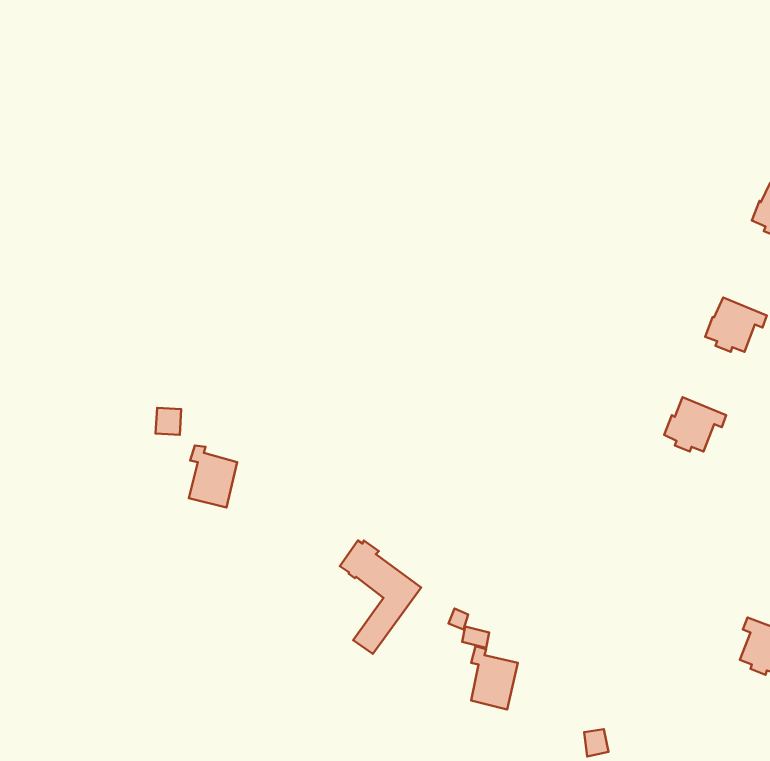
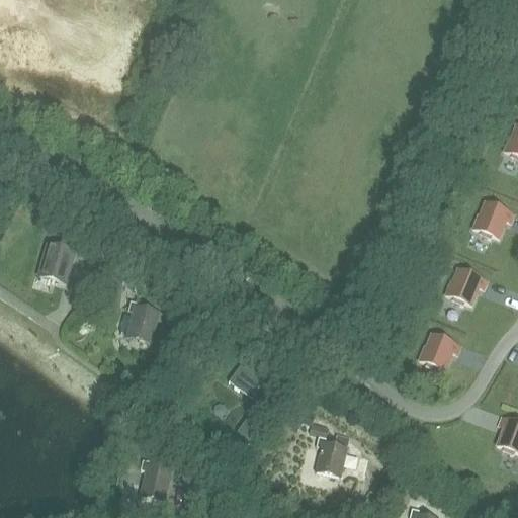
building: none -> [39,241,74,279]
building: none -> [420,332,461,368]
building: none -> [141,457,172,499]

